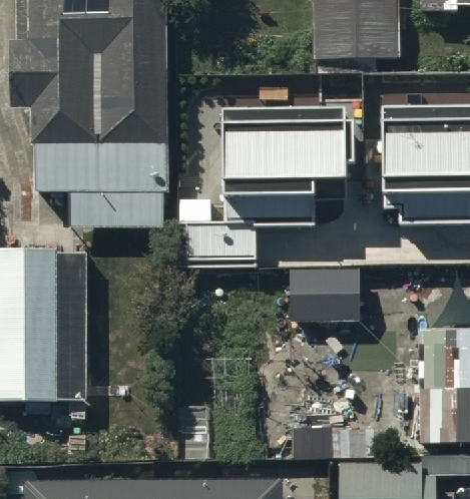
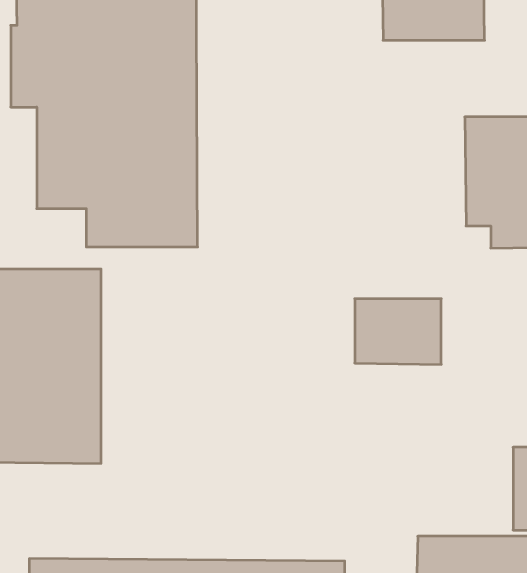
building: [180,120,356,271] -> none

